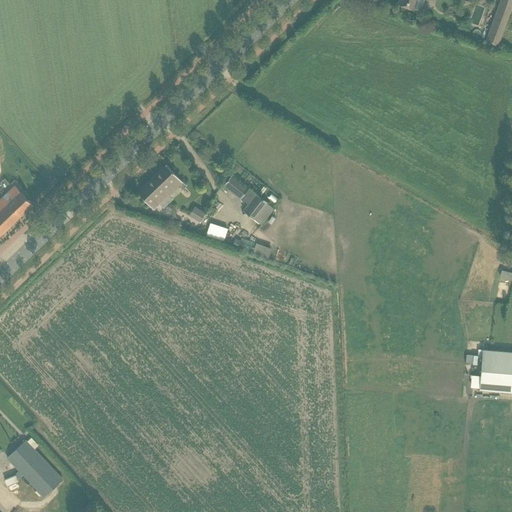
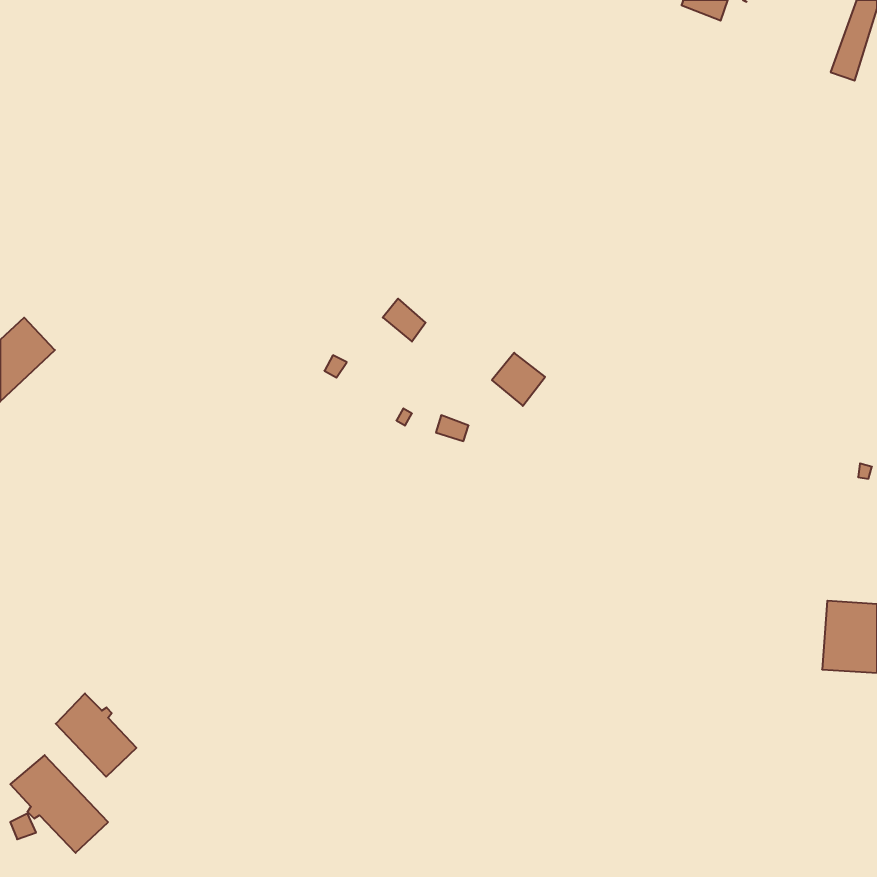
building: [138,165,184,209] -> none
building: [243,194,274,225] -> [492,353,545,406]
building: none -> [56,693,136,777]

